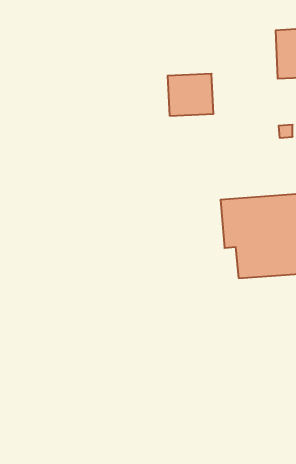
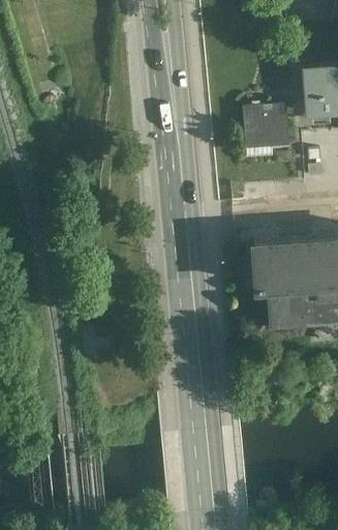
building: [168,74,214,116] -> [244,107,291,150]

